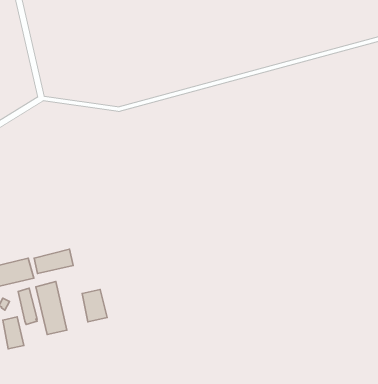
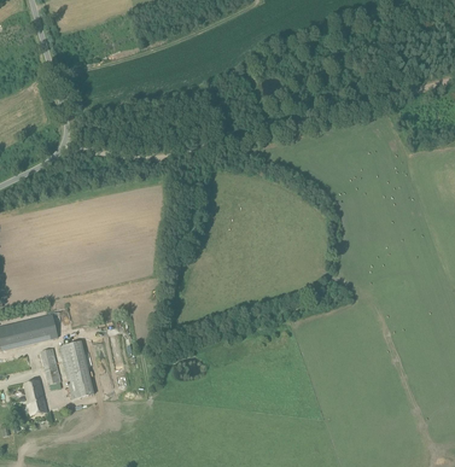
building: [34,249,73,273] -> none
building: [82,290,107,322] -> none

